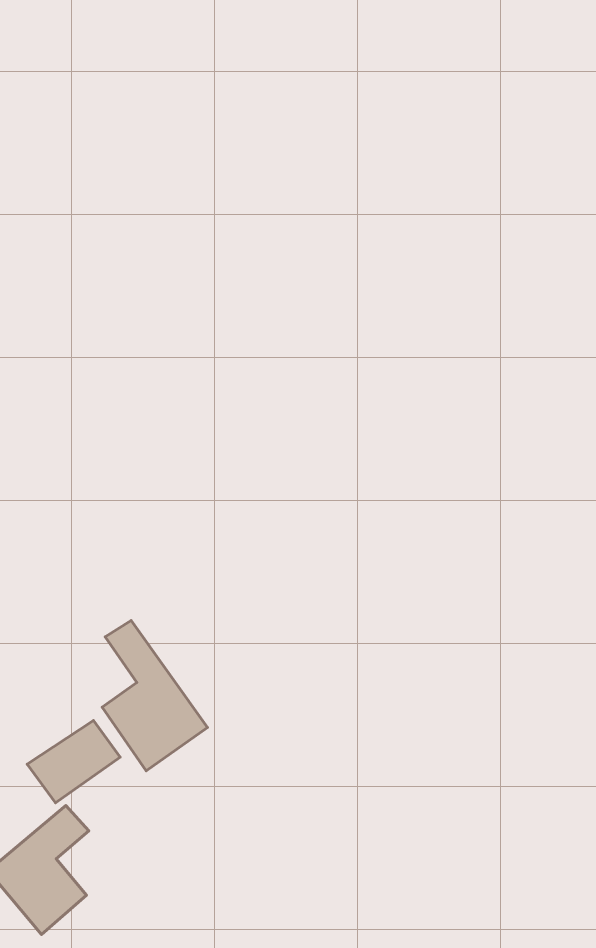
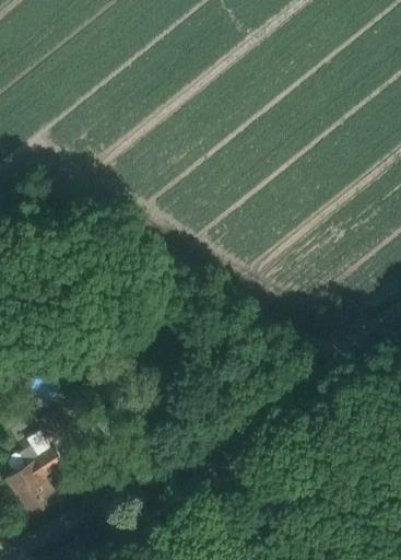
building: [102,621,207,771] -> none

